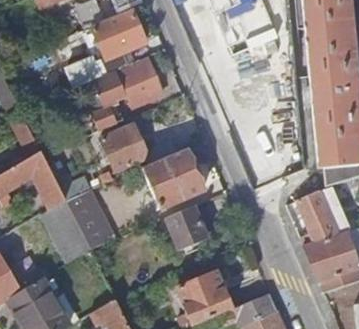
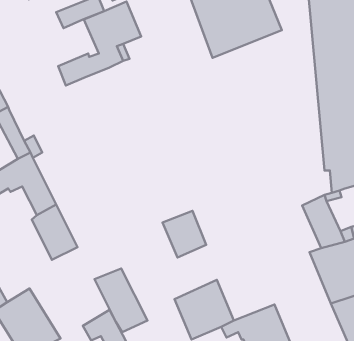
building: [92,59,163,131] -> none
building: [102,122,148,171] -> none
building: [143,148,204,207] -> none
building: [66,189,116,249] -> [94,269,148,332]

